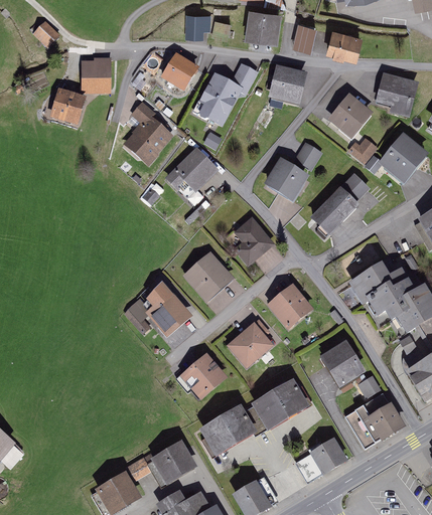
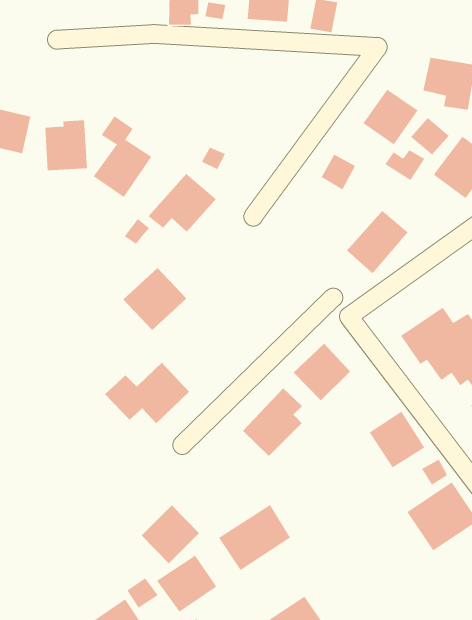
building: [322,30,357,59] -> none
building: [161,52,199,92] -> none
building: [78,58,109,96] -> [44,120,88,171]
building: [194,60,260,127] -> none
building: [270,65,308,104] -> none
building: [265,157,310,201] -> none
building: [341,172,372,201] -> [410,117,450,155]
building: [231,217,272,267] -> none
building: [180,253,230,302] -> [122,267,187,331]
building: [178,354,224,399] -> [141,505,200,564]
building: [255,380,309,426] -> none
building: [297,438,349,482] -> none

